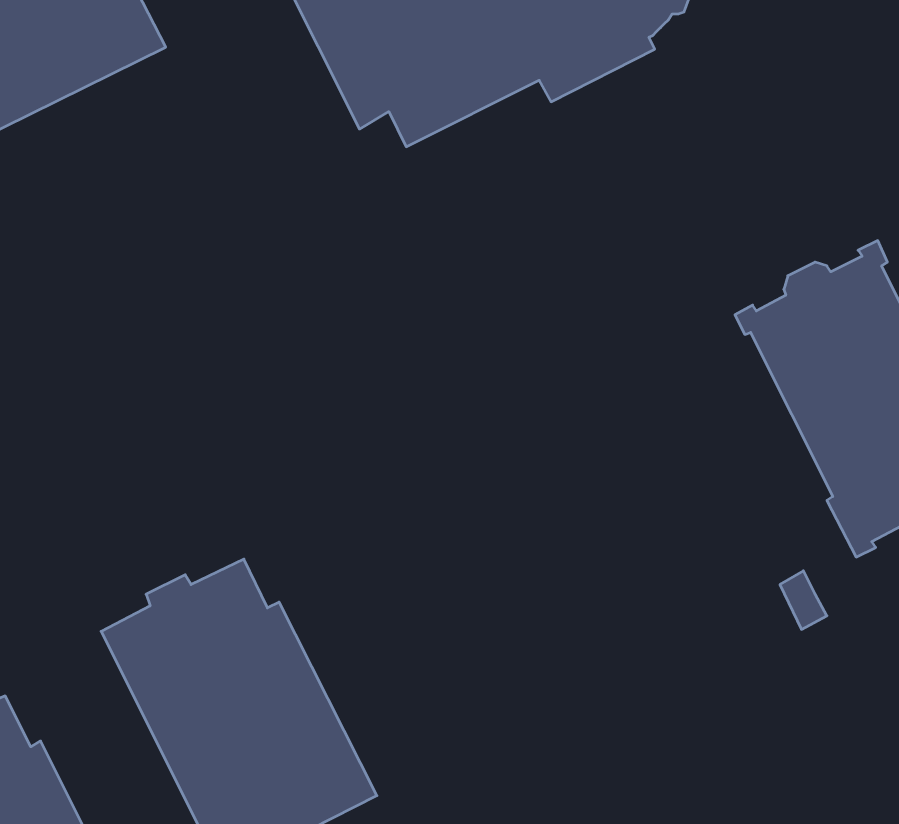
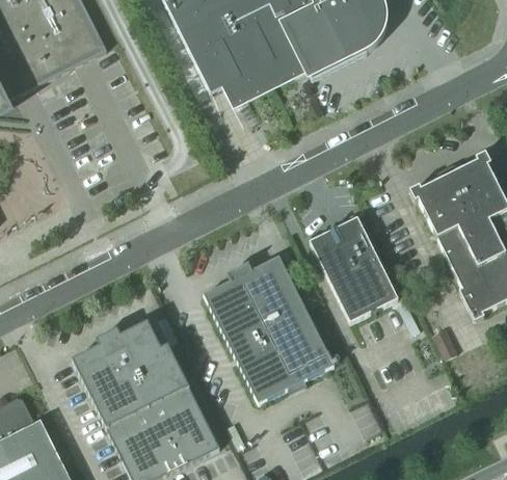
building: none -> [310,216,397,321]
building: none -> [203,256,333,401]

